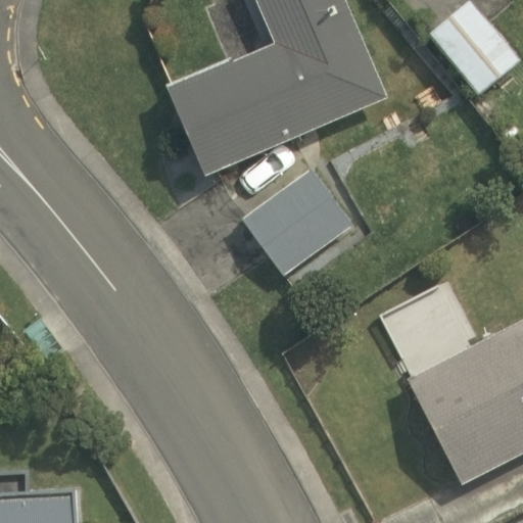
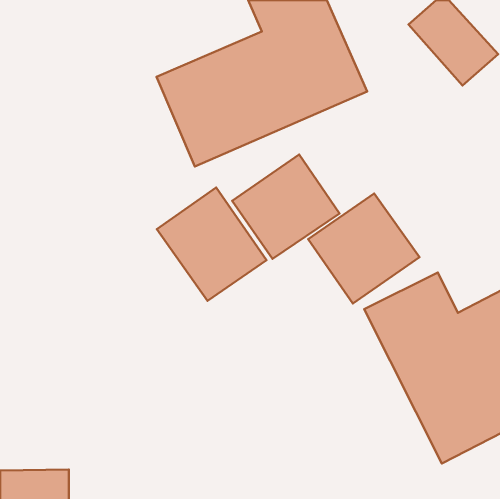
building: none -> [157,188,267,301]
building: none -> [308,193,419,304]

